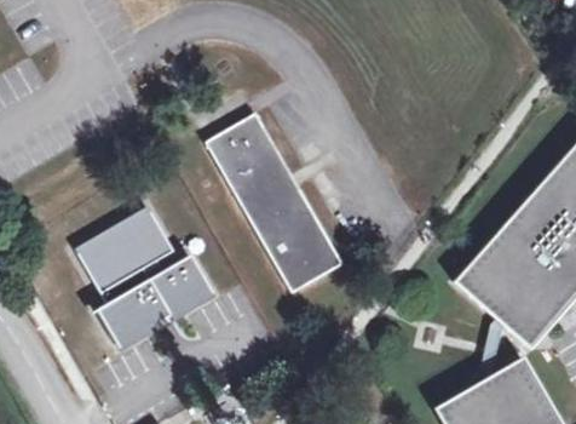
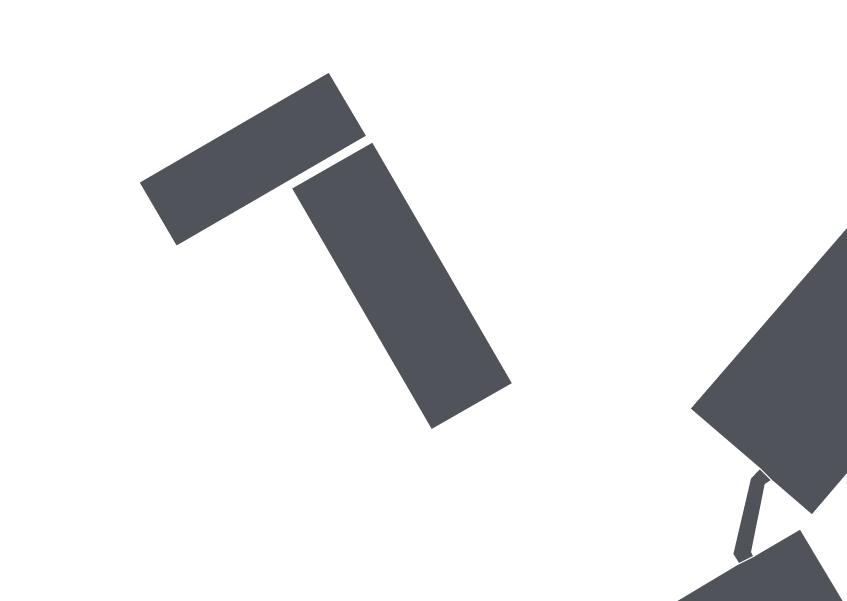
building: none -> [139,72,367,247]
building: [76,207,215,351] -> none

